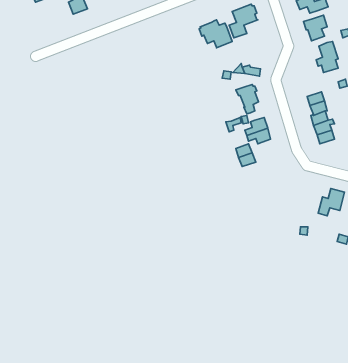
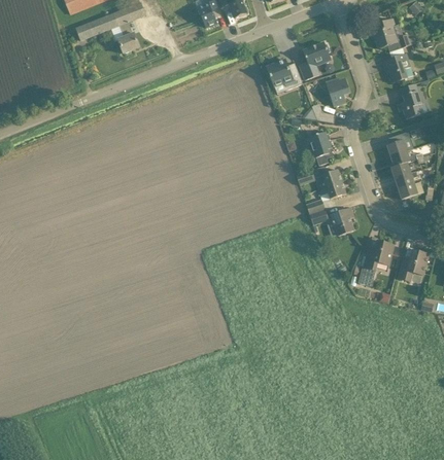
building: none -> [327,78,350,106]
building: none -> [332,208,354,235]
building: none -> [360,241,395,286]

